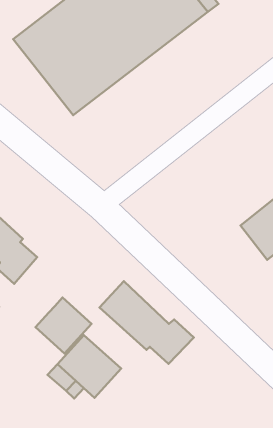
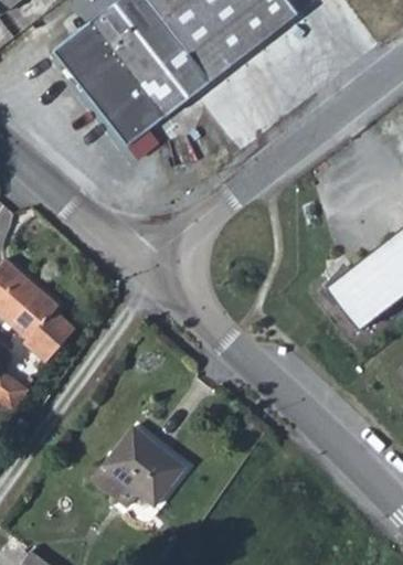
building: [99,281,194,364] -> none
building: [36,297,92,353] -> none

